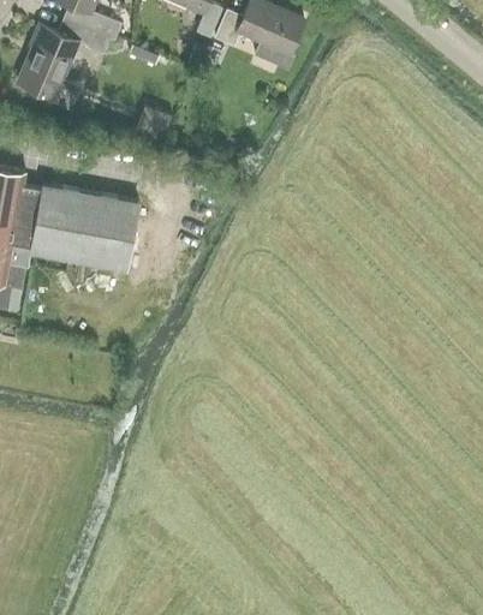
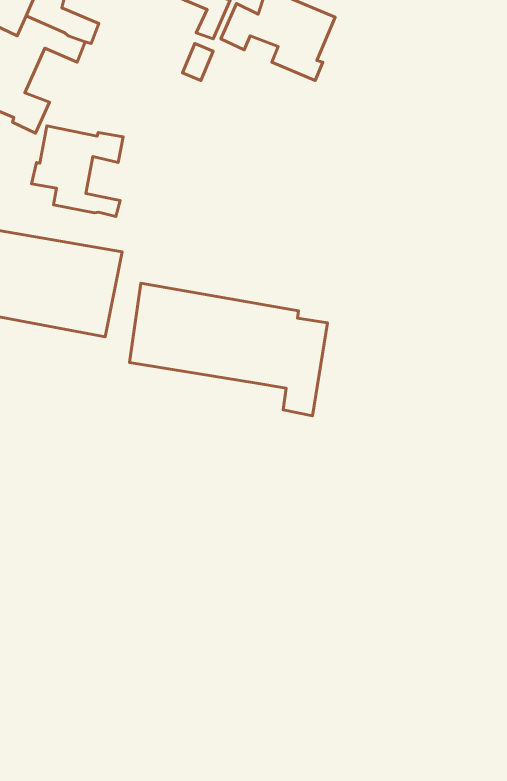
building: none -> [31,126,123,216]
building: none -> [130,283,327,416]

